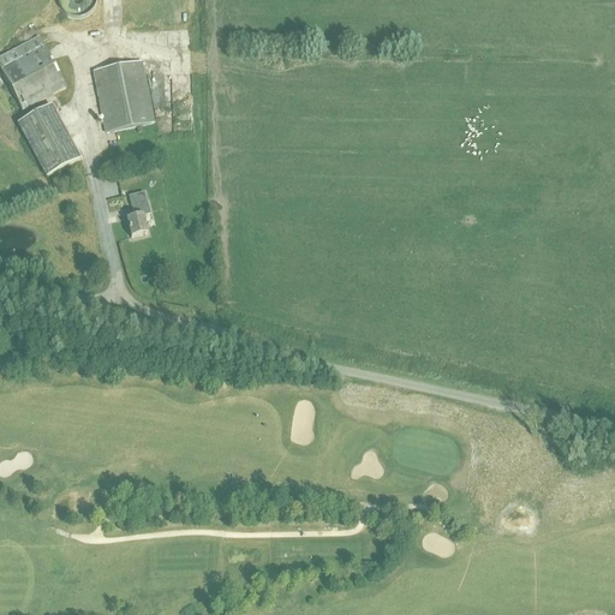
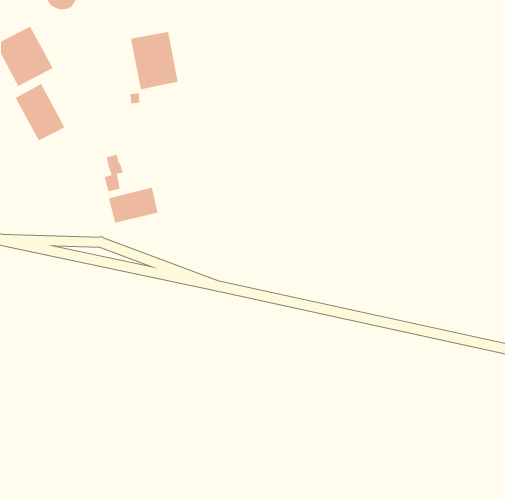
building: [94,58,153,129] -> [130,31,179,90]
building: none -> [108,187,158,224]

